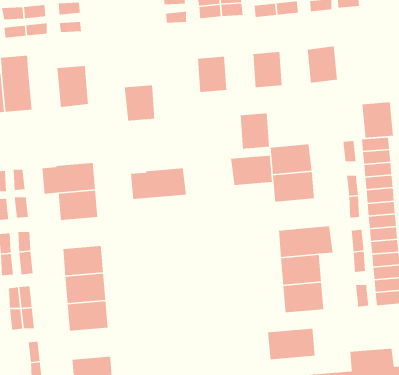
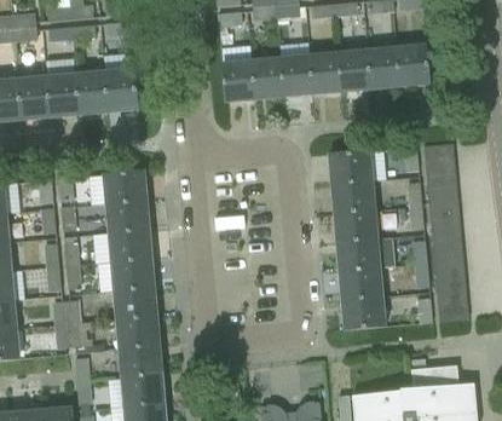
building: none -> [339,52,370,91]
building: none -> [75,71,108,116]
building: [124,84,155,121] -> [221,62,254,100]
building: [362,102,394,139] -> [396,46,429,85]
building: [240,112,270,149] -> [281,57,312,96]
building: [230,155,273,186] -> [333,209,377,242]
building: [130,167,187,200] -> [92,229,151,263]
building: [267,328,316,360] -> none
building: none -> [117,345,161,377]

